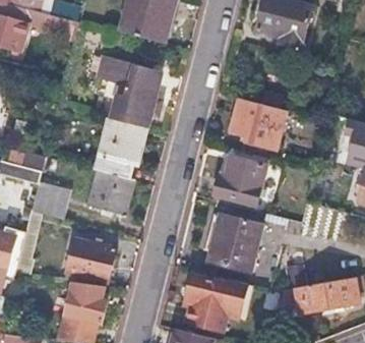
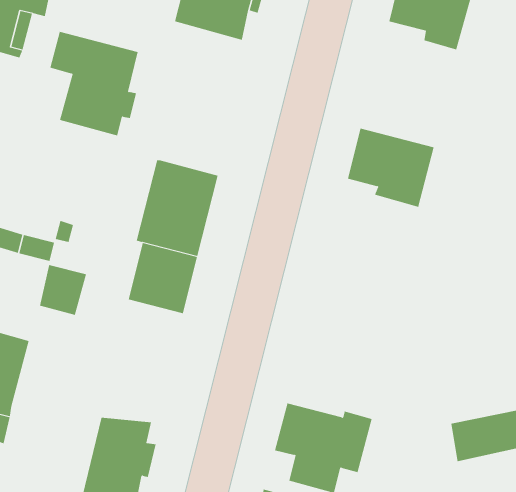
building: [103,61,160,128] -> [50,31,139,136]
building: [211,156,264,207] -> none
building: [206,213,263,271] -> none
building: [64,239,115,283] -> none

